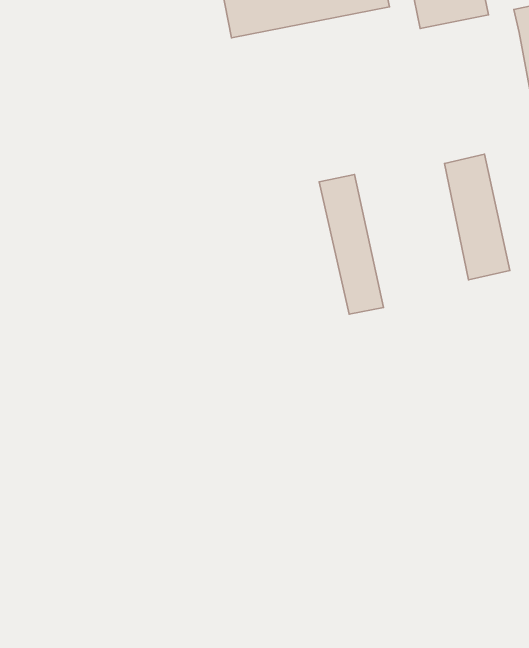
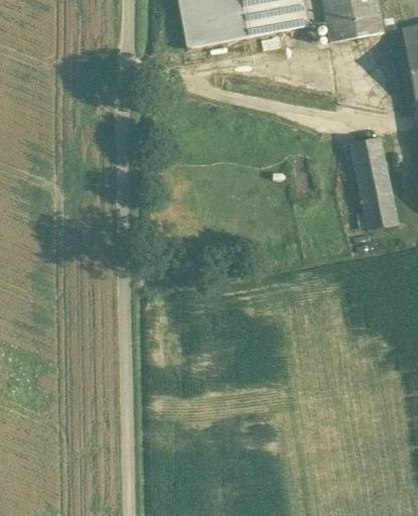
building: [319,174,384,314] -> none

